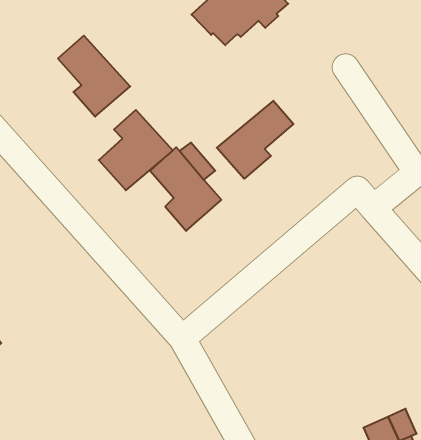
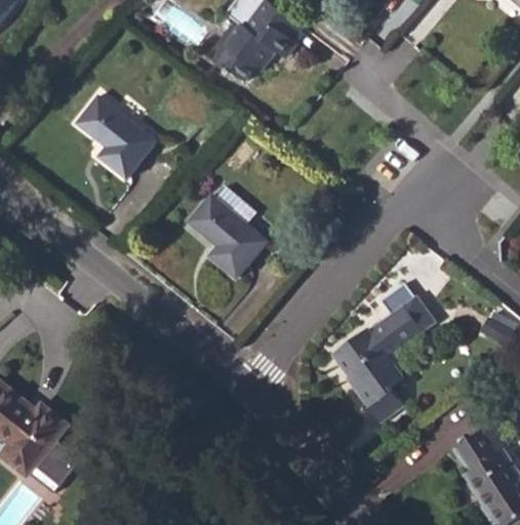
building: [217,101,293,179] -> none
building: [99,110,173,190] -> none
building: none -> [331,298,430,422]

